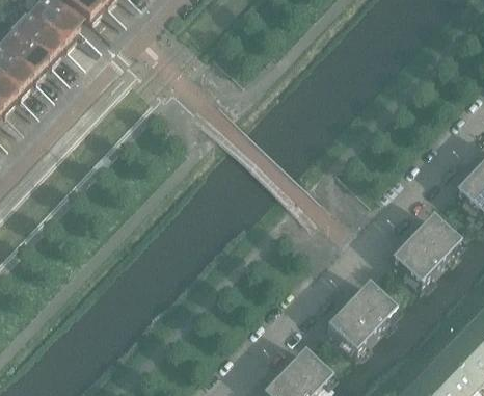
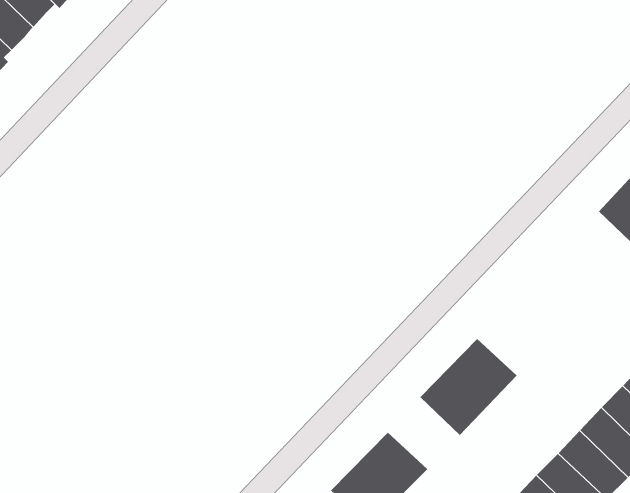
building: [391,213,460,284] -> none

